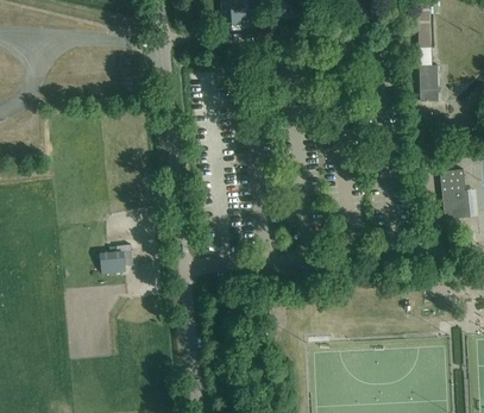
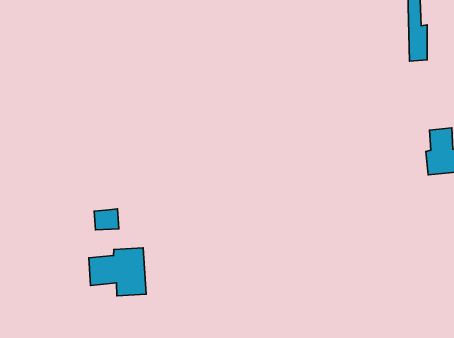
building: none -> [89,248,146,296]

